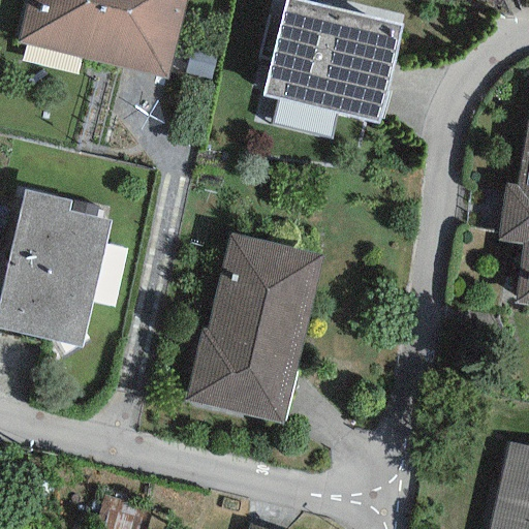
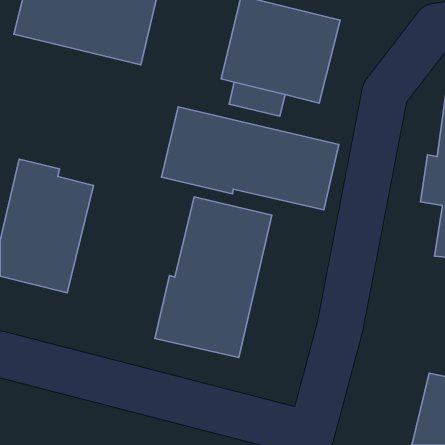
building: none -> [162,107,339,210]

